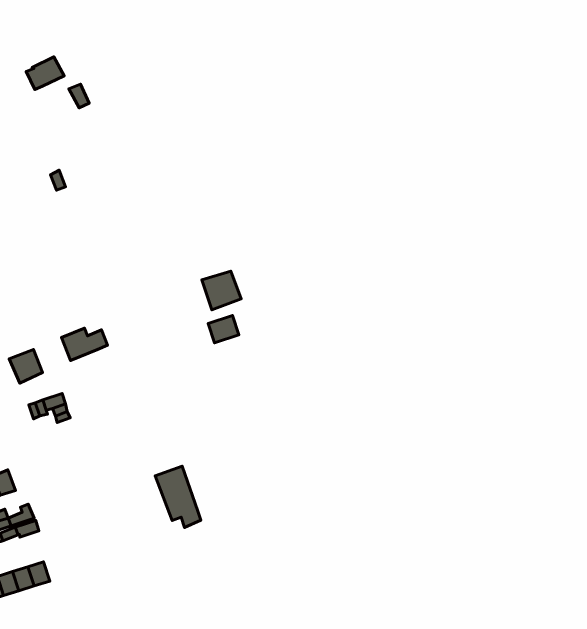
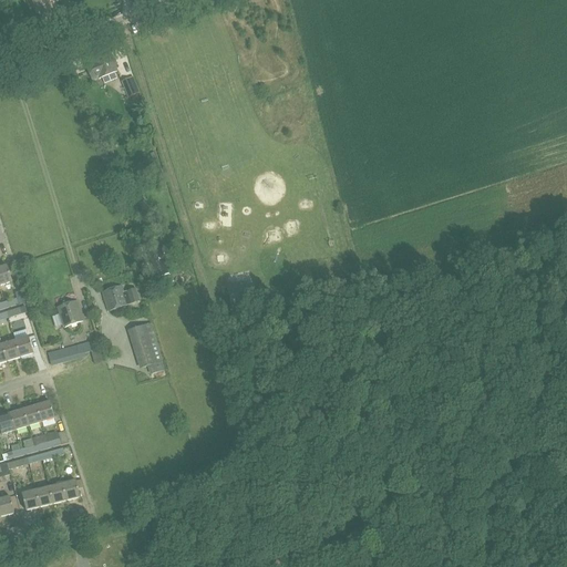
building: [202,271,241,310] -> none
building: [155,466,201,528] -> [126,320,163,372]

